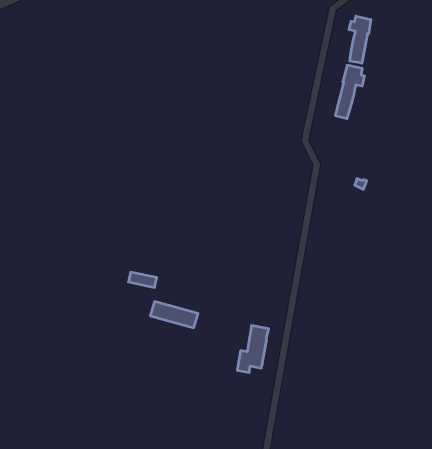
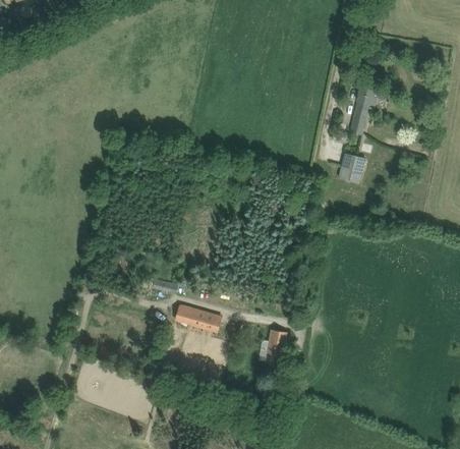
building: [349,16,371,63] -> none
building: none -> [337,152,365,182]

